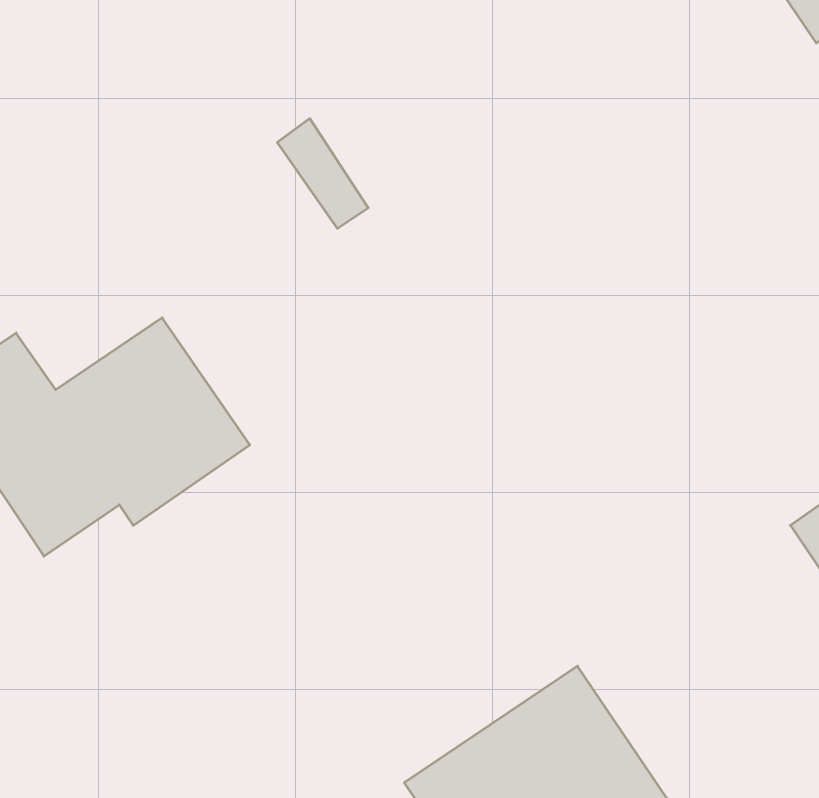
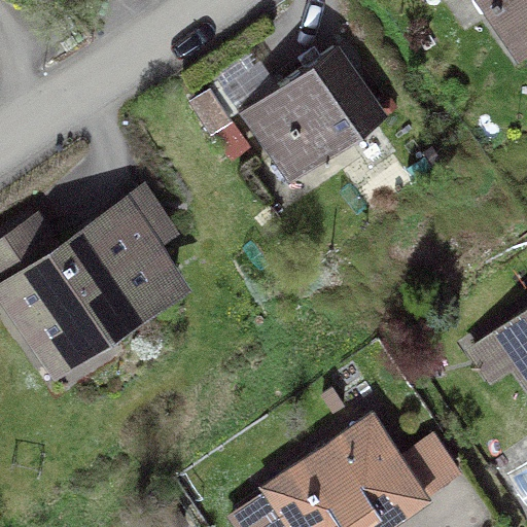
building: none -> [243,49,383,182]

